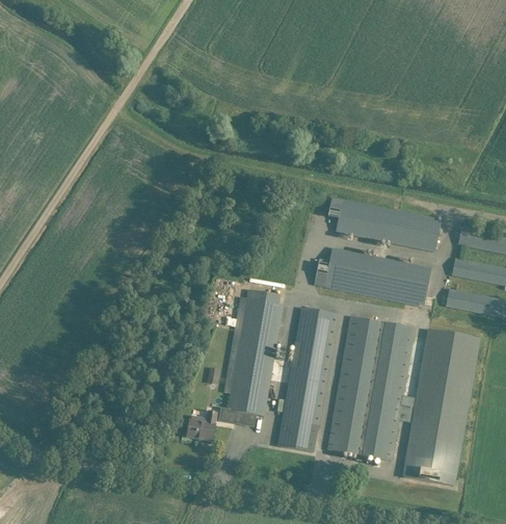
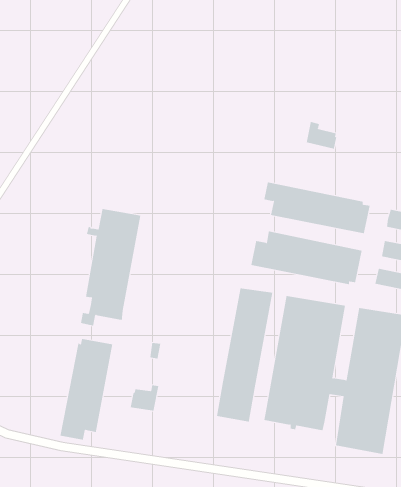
building: none -> [306,121,337,149]
building: [219,296,284,421] -> [80,209,141,326]
building: none -> [60,338,113,441]

